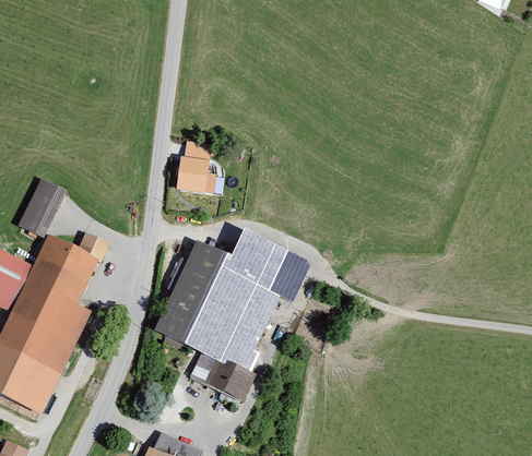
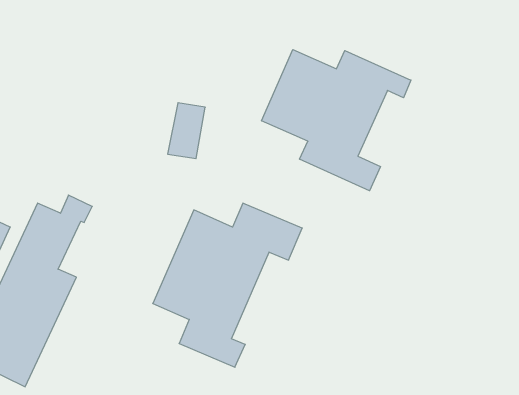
building: none -> [262,50,411,191]
building: [22,178,60,227] -> none

